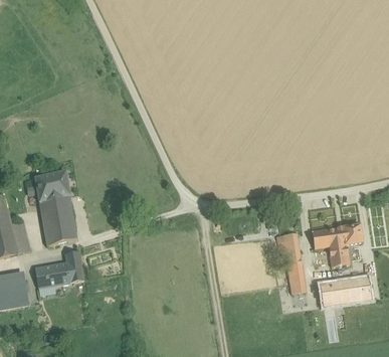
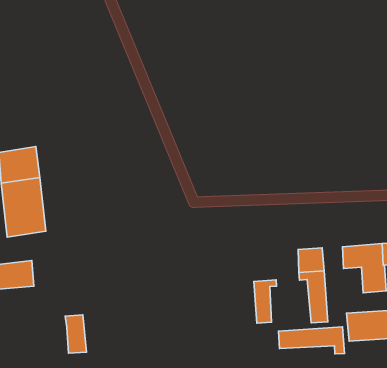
building: [64,250,83,282] -> [65,315,86,353]
building: none -> [254,280,277,323]
building: none -> [278,327,344,354]

